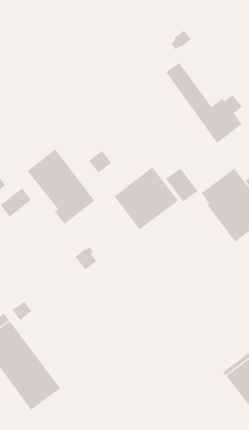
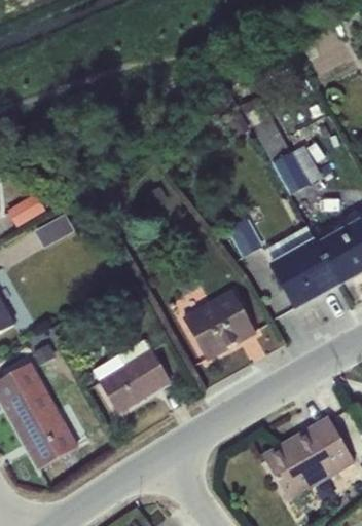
building: [27,148,95,225] -> none
building: [114,167,179,230] -> [183,289,256,359]
building: none -> [93,338,171,412]

